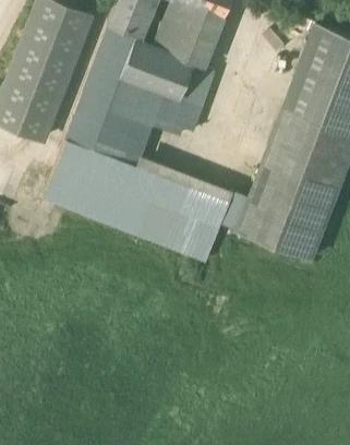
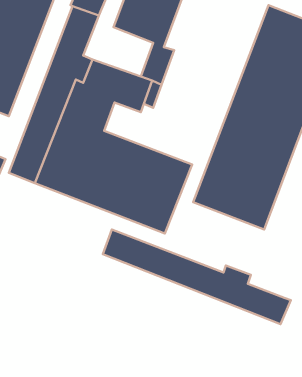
building: [121,41,194,99] -> none
building: none -> [103,229,291,324]

